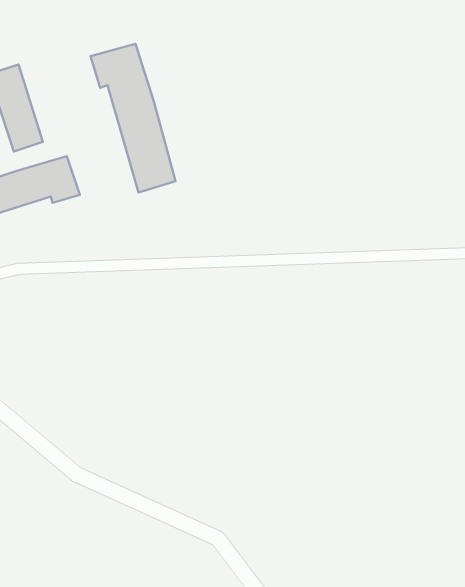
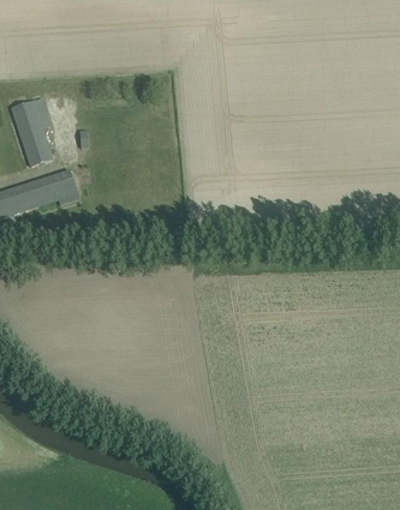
building: [90,44,175,192] -> none

